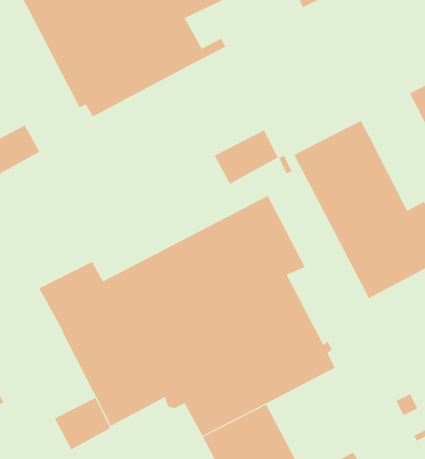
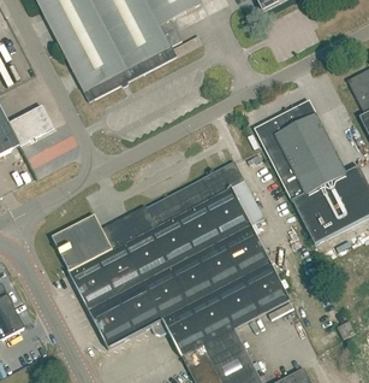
building: [214,130,279,184] -> none
building: [54,397,111,450] -> none

